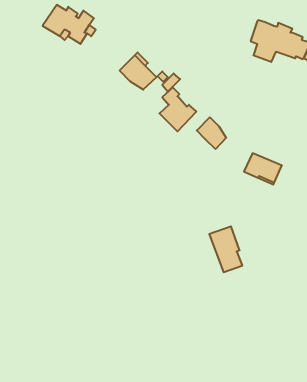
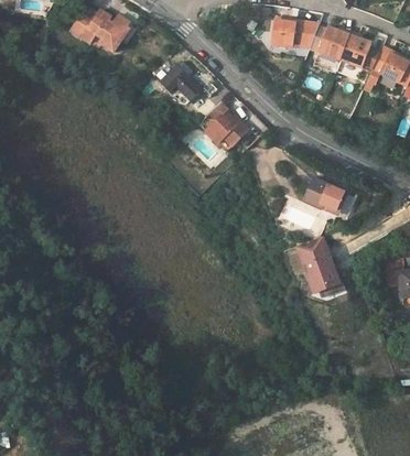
building: none -> [272,20,319,48]
building: [197,117,226,149] -> none
building: [209,226,242,272] -> [294,238,333,291]

